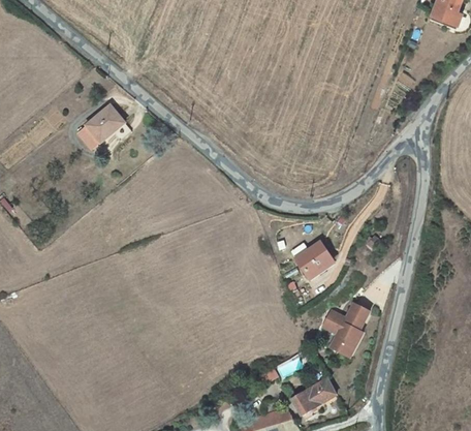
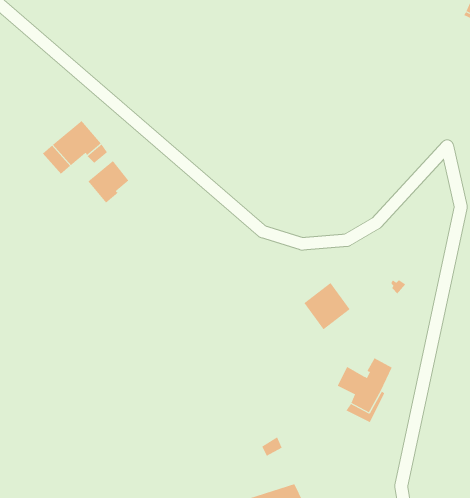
building: none -> [88,160,129,203]
building: [291,380,336,413] -> none

